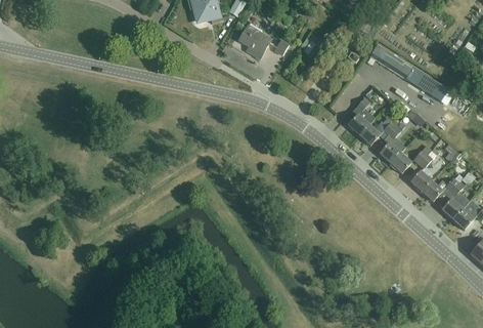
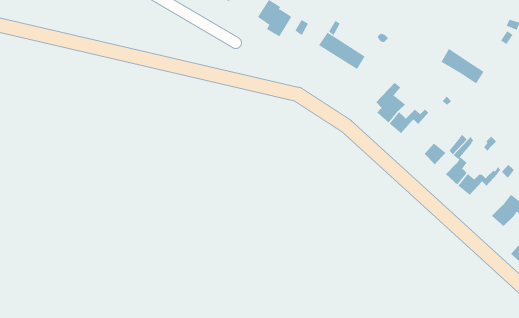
building: [369,44,412,79] -> [318,32,365,70]
building: [379,125,404,163] -> none
building: [440,181,469,219] -> none

